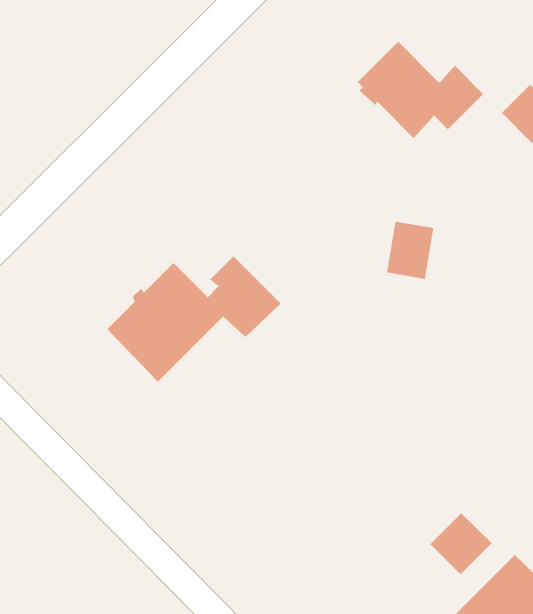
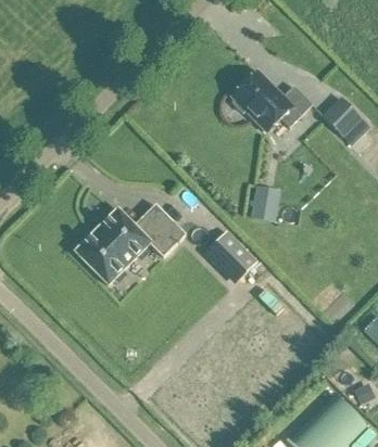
building: none -> [205,232,255,281]
building: [429,512,492,575] -> none

